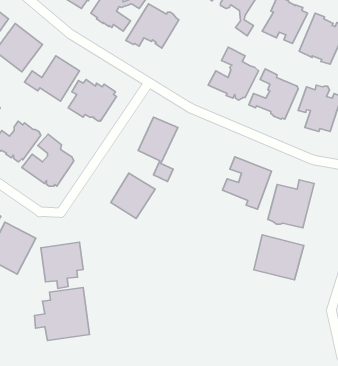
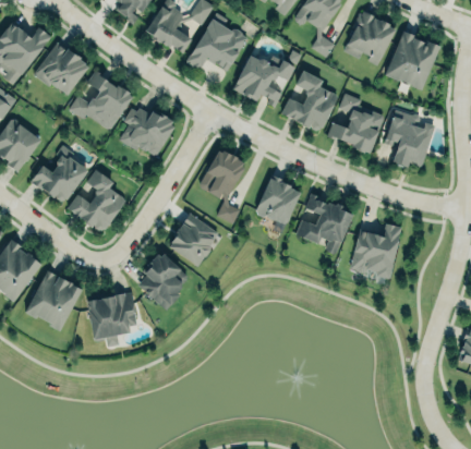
building: none -> [232,53,295,106]
building: none -> [255,177,301,226]
building: none -> [138,252,188,308]
building: [254,235,304,280] -> none
building: [34,287,89,340] -> none

